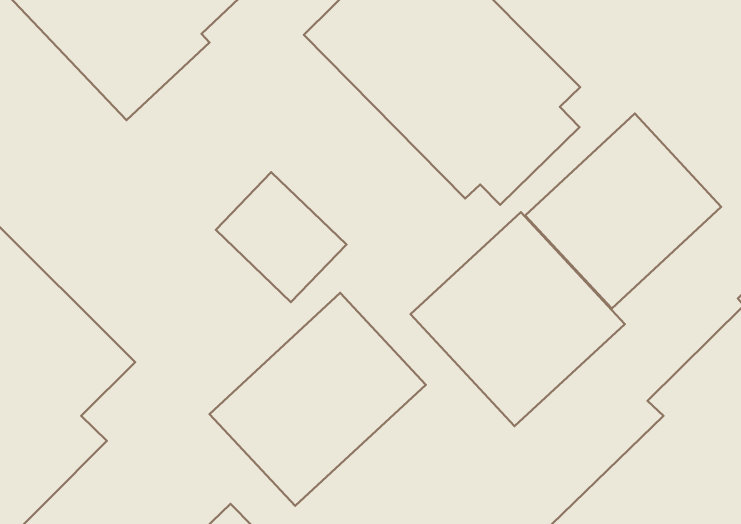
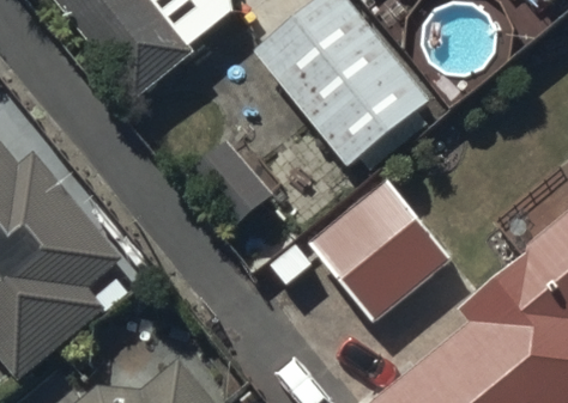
building: [525,114,721,309] -> none
building: [210,293,426,506] -> none

